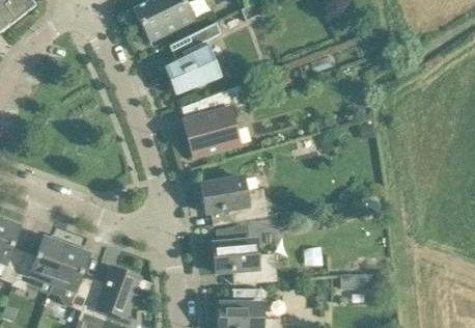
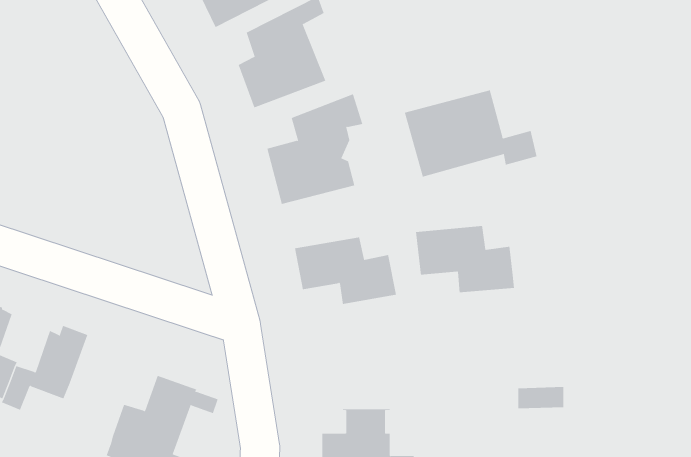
building: none -> [404,90,537,178]
building: [212,239,276,282] -> [415,225,515,293]
building: [49,240,90,309] -> none

